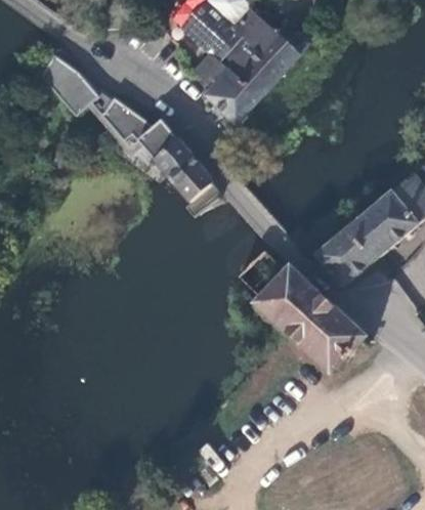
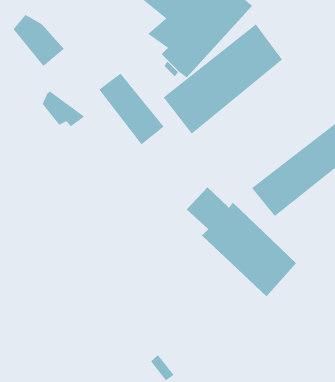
building: none -> [163,24,283,134]
building: [105,95,155,137] -> [42,91,85,127]

